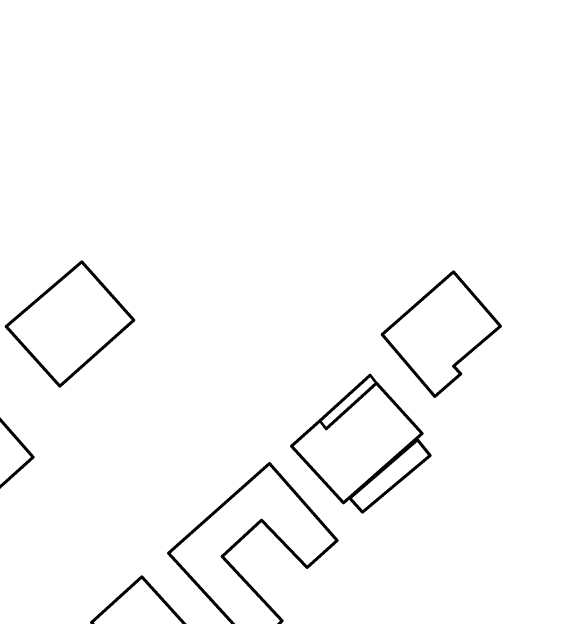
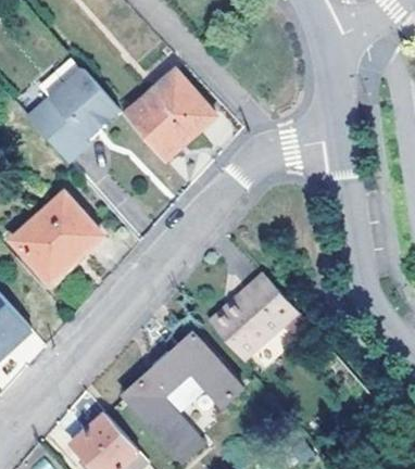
building: none -> [27,67,118,161]
building: none -> [124,71,215,157]
building: [382,272,500,396] -> none

